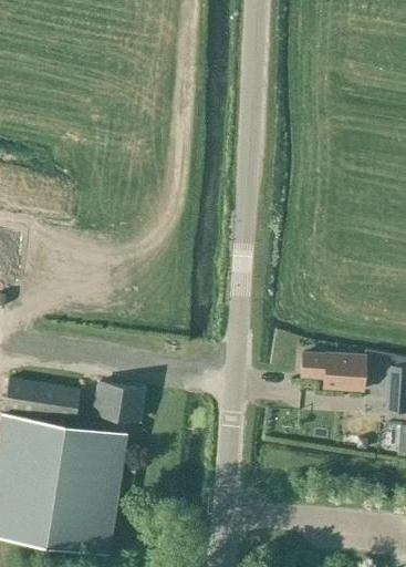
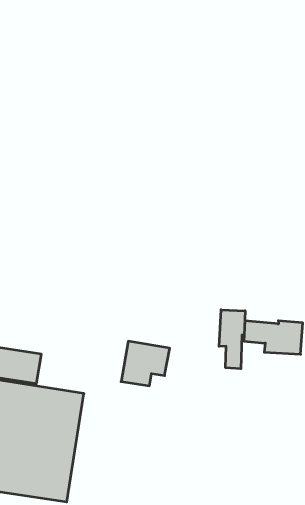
building: none -> [219,310,245,369]
building: [93,383,146,432] -> [121,341,170,386]

